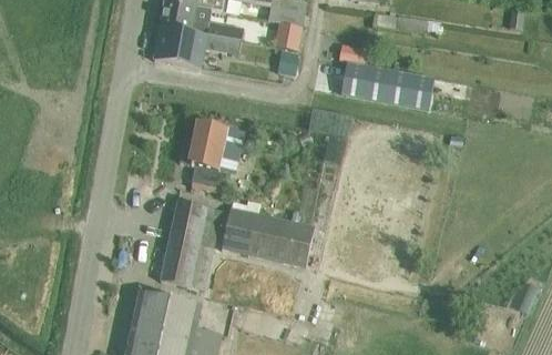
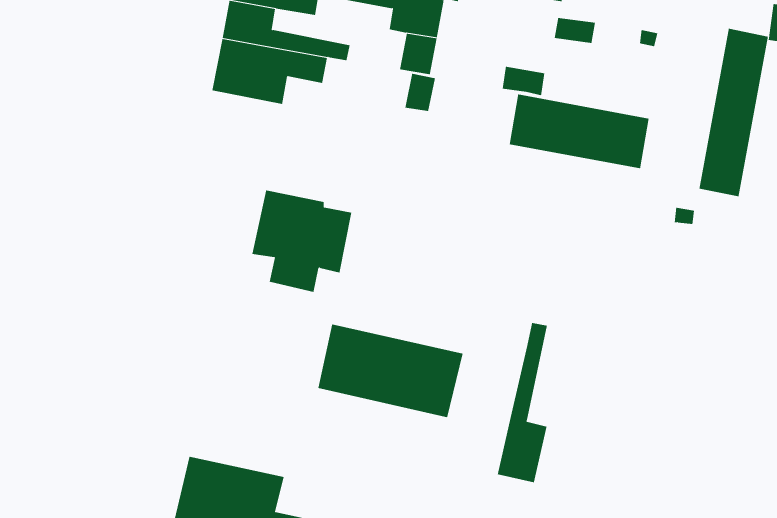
building: none -> [699,28,768,197]
building: [160,200,221,290] -> none
building: none -> [497,322,547,483]

